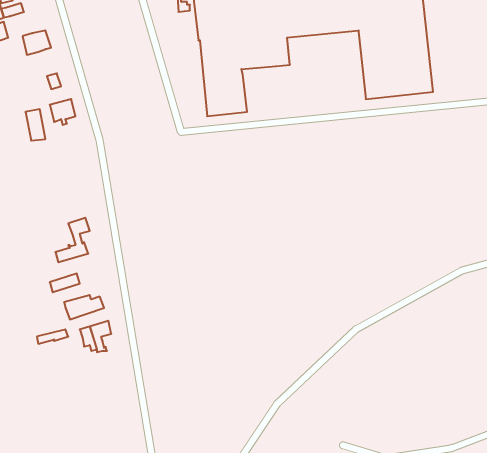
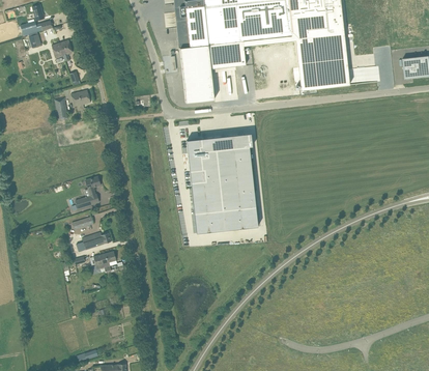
building: none -> [185,134,257,233]

